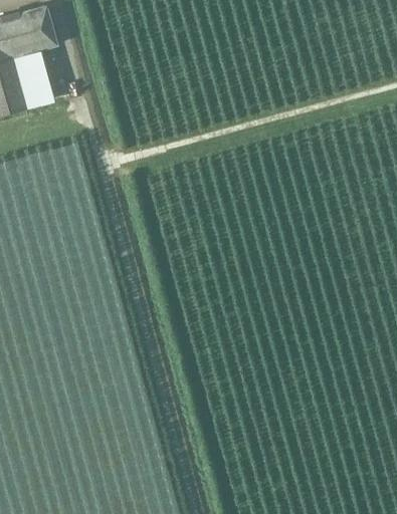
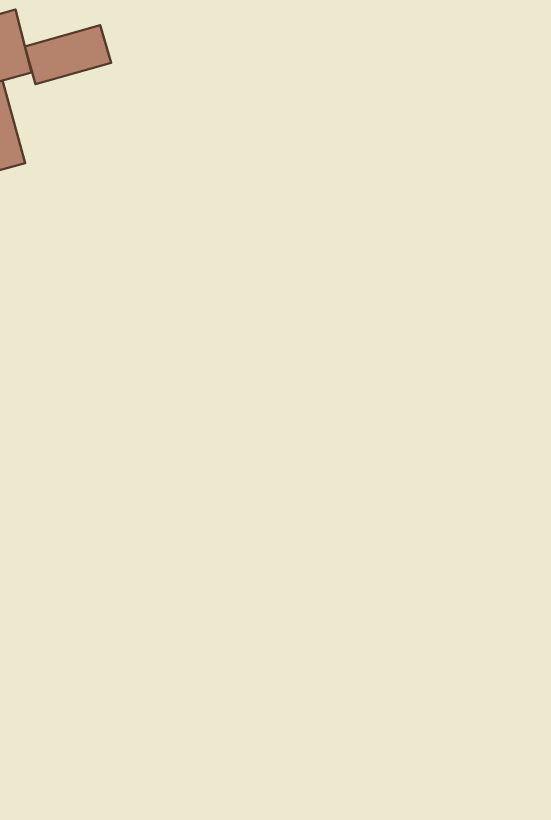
building: none -> [25,25,111,84]

